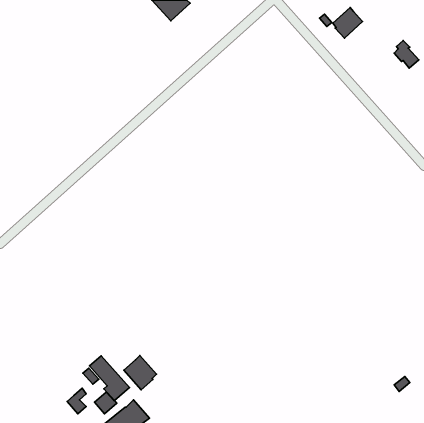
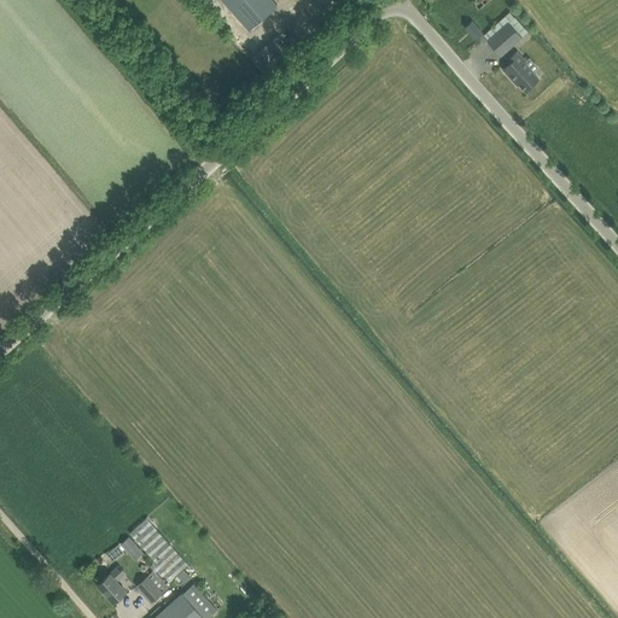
building: [394,41,419,68] -> [503,52,540,92]
building: [124,355,157,390] -> none

